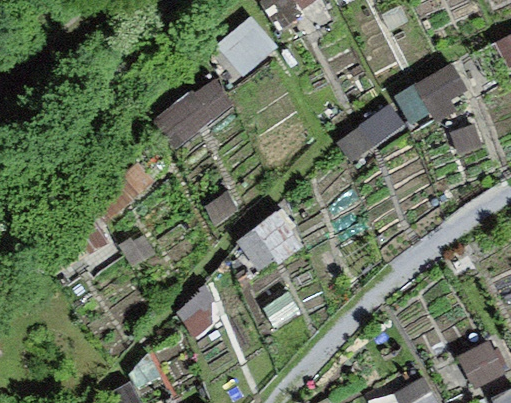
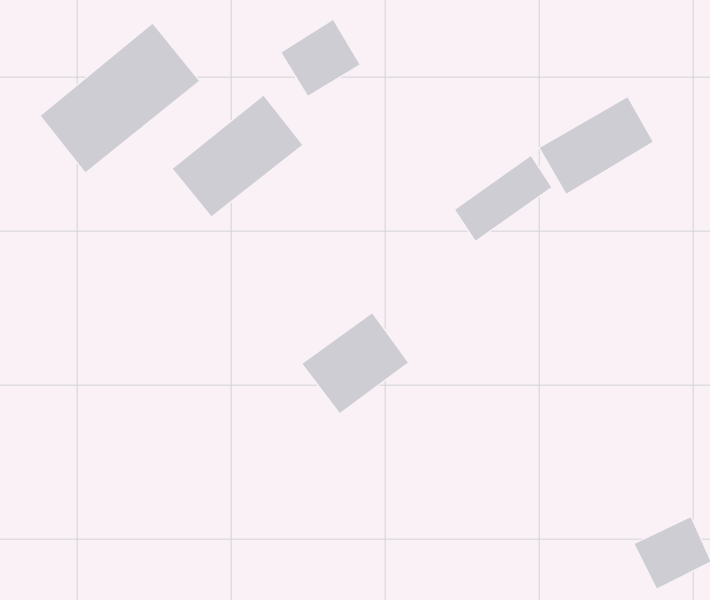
building: none -> [40,23,200,173]

